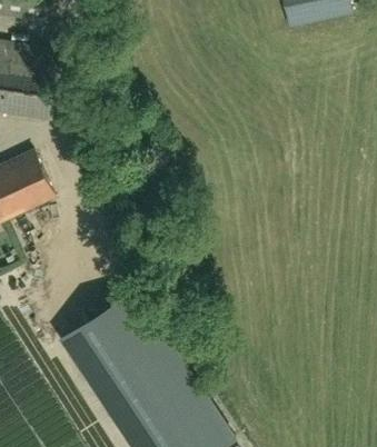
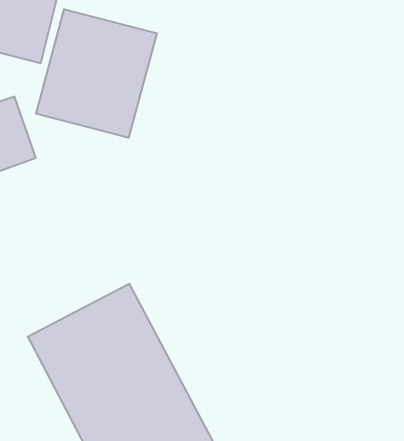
building: none -> [36,9,157,138]

